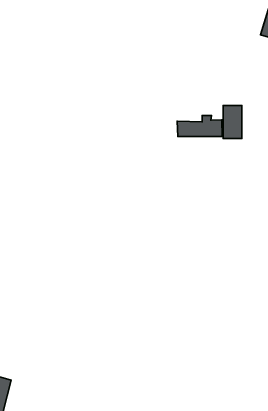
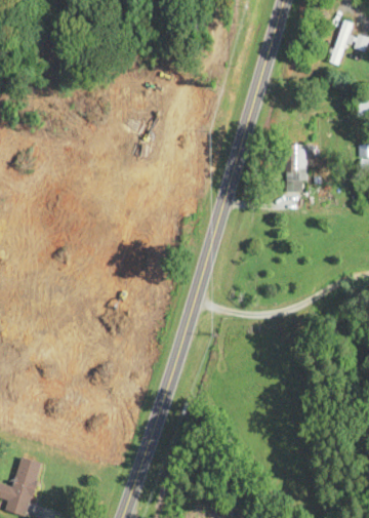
building: [177,116,222,137] -> none

